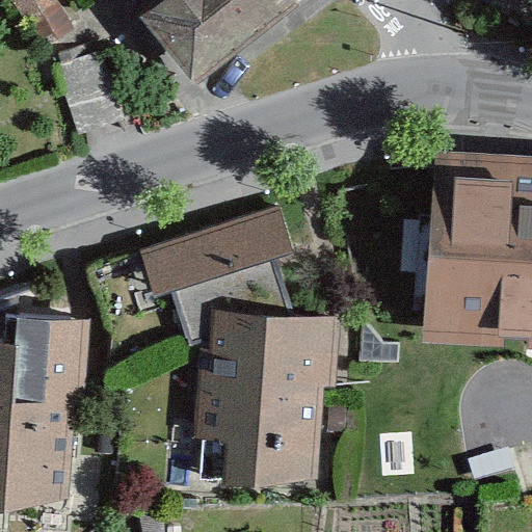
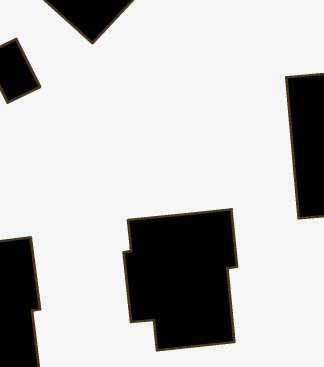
building: [138,208,292,343] -> none

